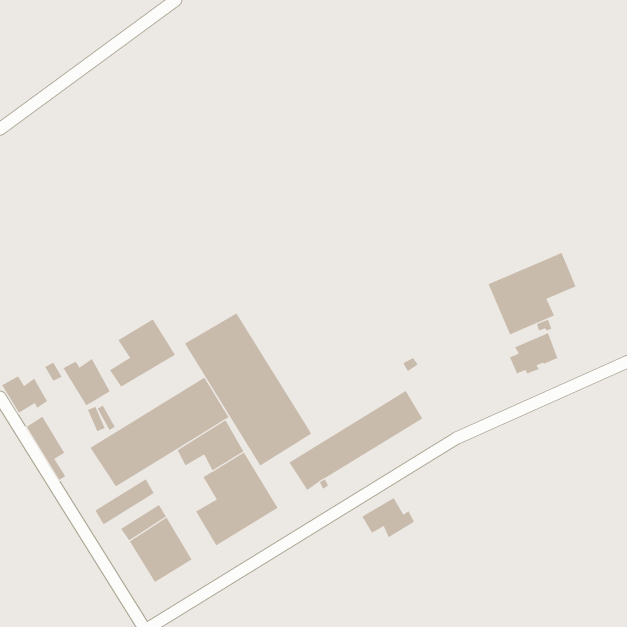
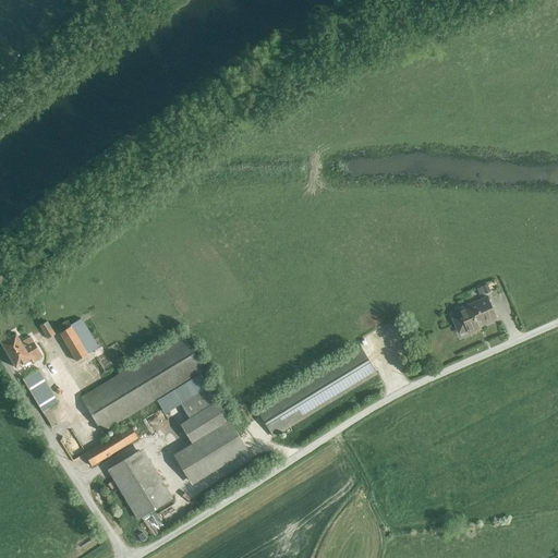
building: [488,252,576,335] -> none
building: [184,313,312,466] -> none
building: [109,319,176,387] -> none
building: [361,497,415,538] -> none

